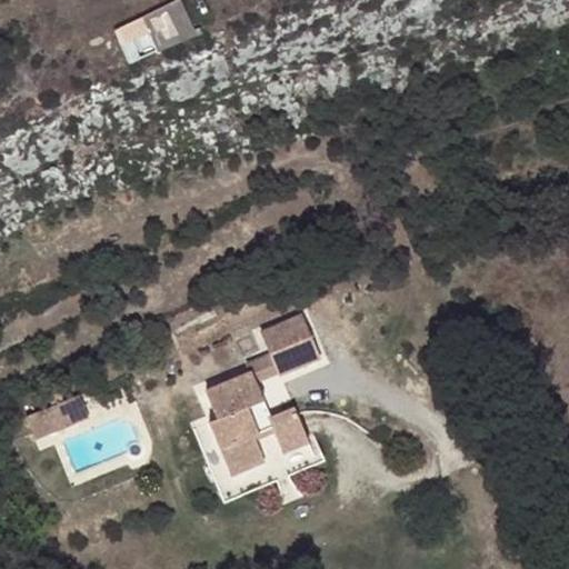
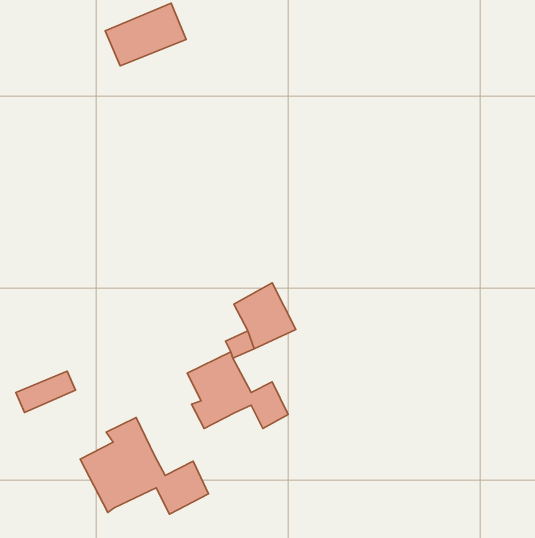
building: [222,437,266,477] -> none
building: none -> [80,418,208,514]

